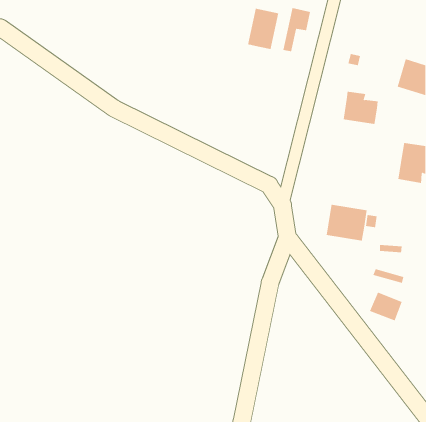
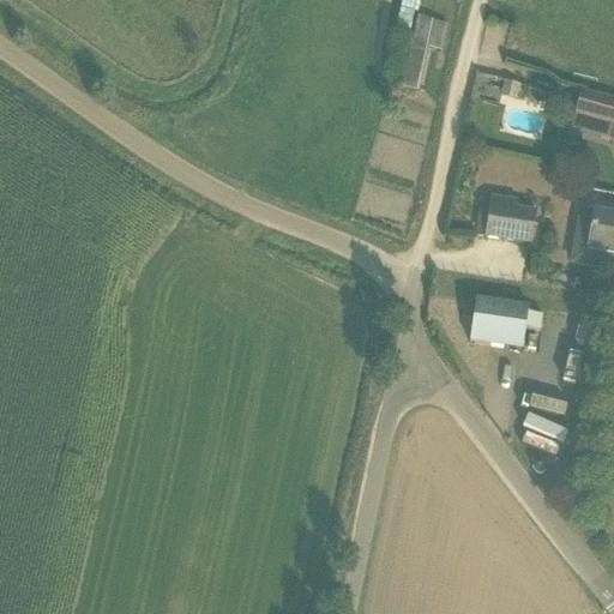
building: [247,8,279,50] -> none
building: [343,91,379,125] -> [484,192,536,240]

